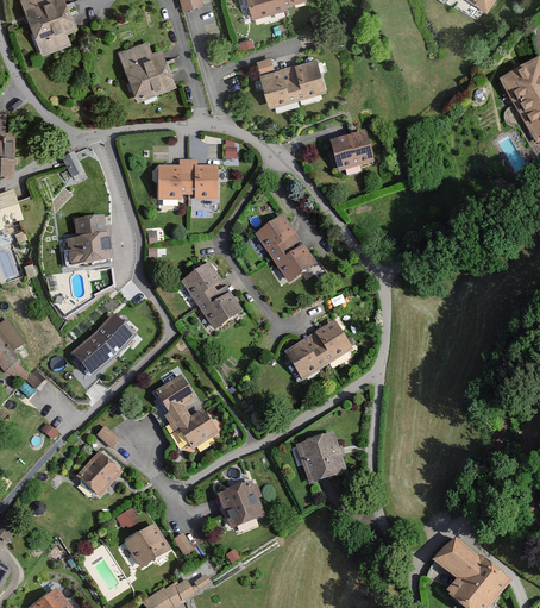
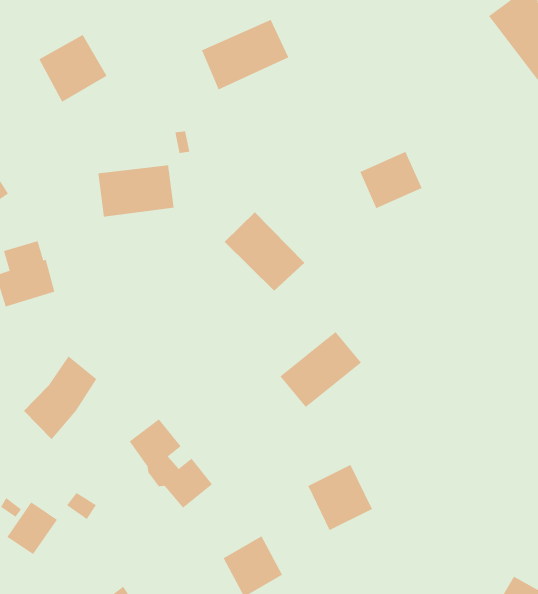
building: [328,126,378,170] -> [359,151,422,209]
building: [181,262,241,328] -> none
building: [79,451,123,495] -> [6,502,58,555]

